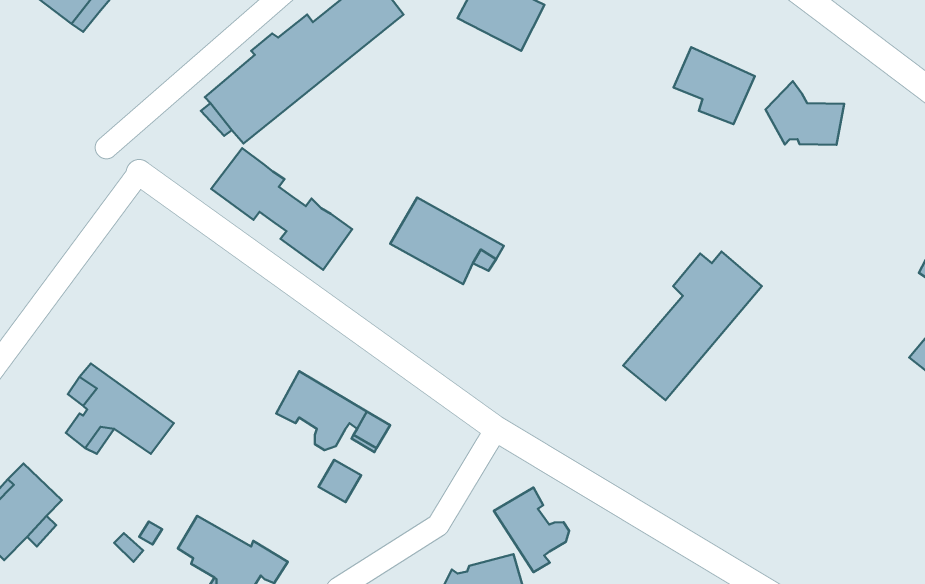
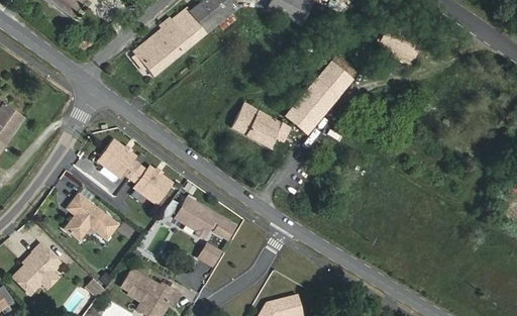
building: [765,81,844,145] -> none
building: [211,148,352,270] -> [97,138,171,202]
building: [623,252,762,400] -> [285,57,357,134]
building: [494,487,569,572] -> none

